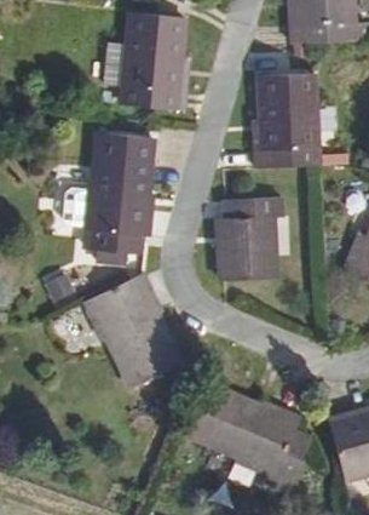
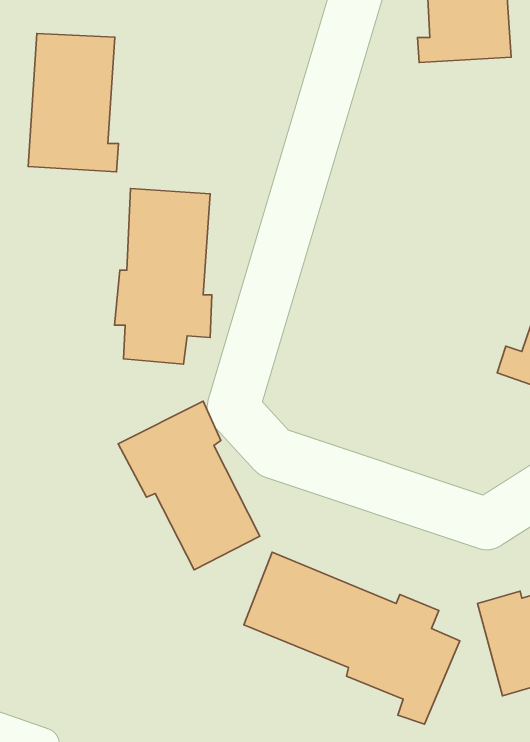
building: [121,11,183,105] -> [28,33,118,172]
building: [256,74,321,170] -> none
building: [221,205,289,287] -> none

